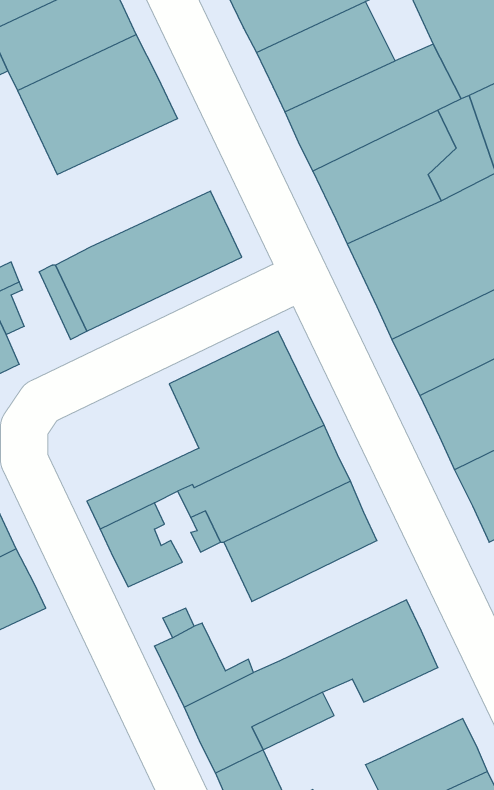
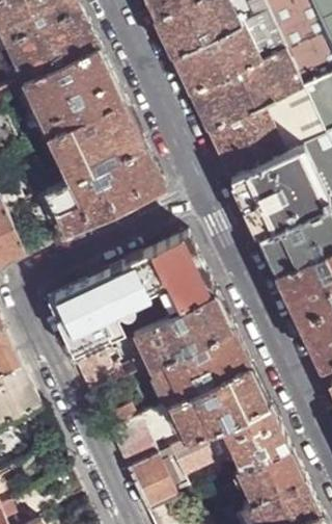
building: none -> [46,96,142,177]
building: none -> [46,263,135,337]
building: none -> [168,362,266,438]
building: none -> [233,442,301,499]

